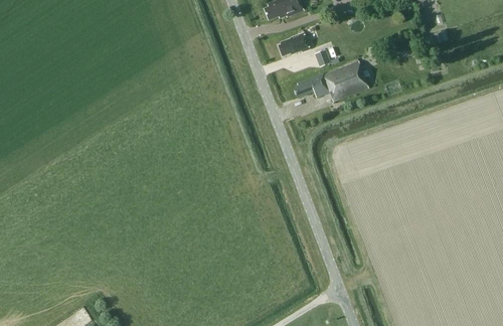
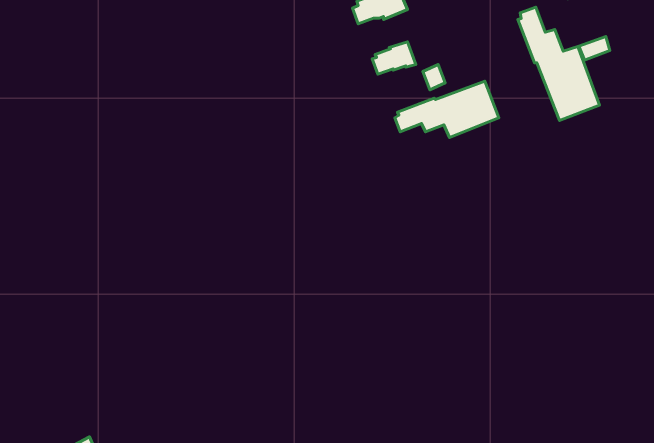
building: none -> [518,7,599,120]

